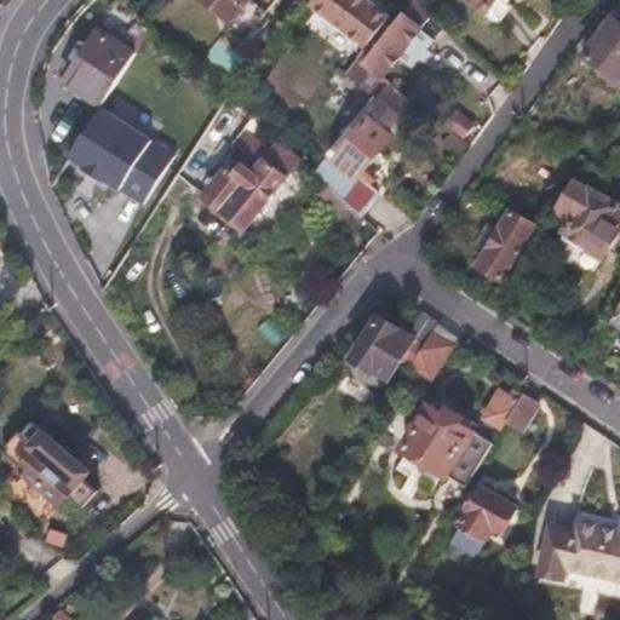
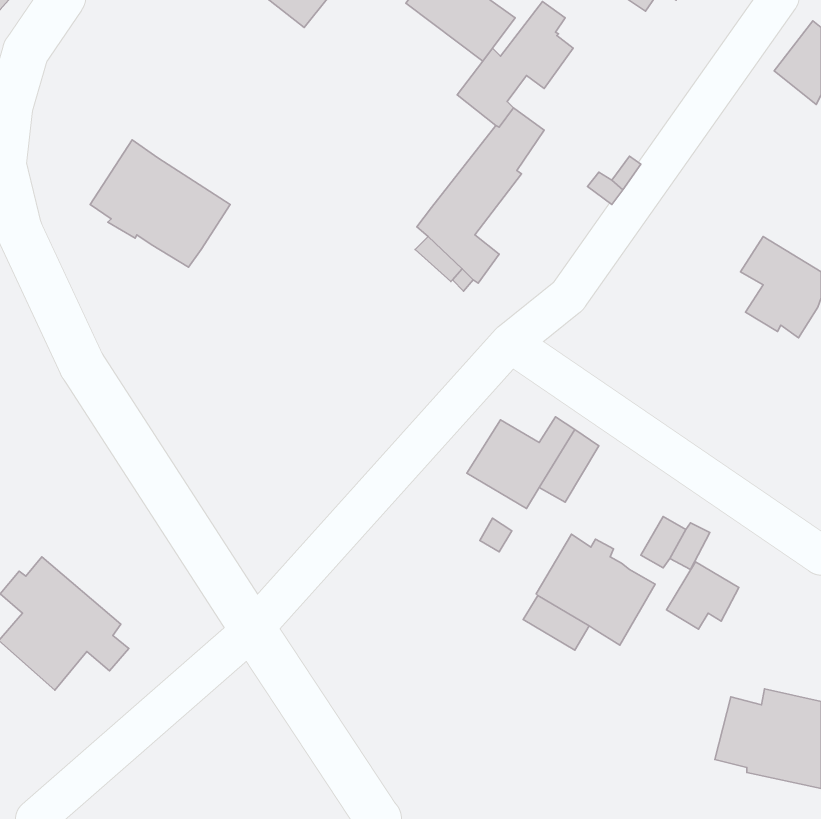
building: [63,28,134,105] -> none
building: [203,130,295,224] -> none
building: [478,209,532,277] -> none
building: [459,484,513,535] -> [666,562,739,629]

